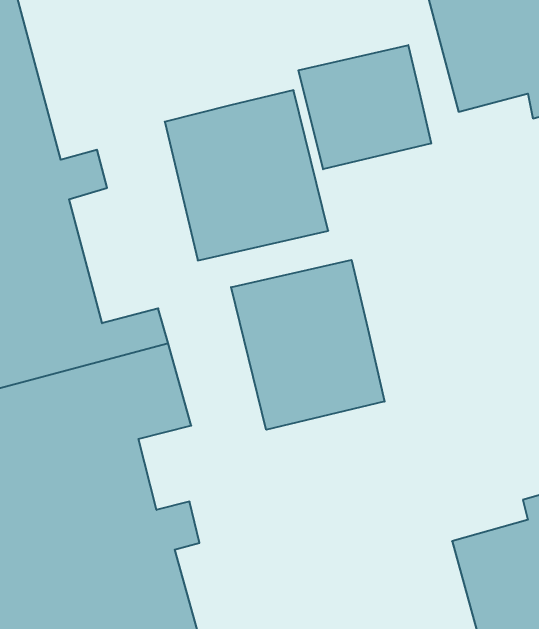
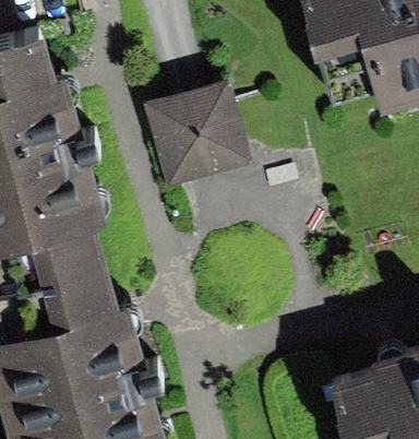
building: [298,45,431,169] -> none
building: [231,260,385,430] -> none

